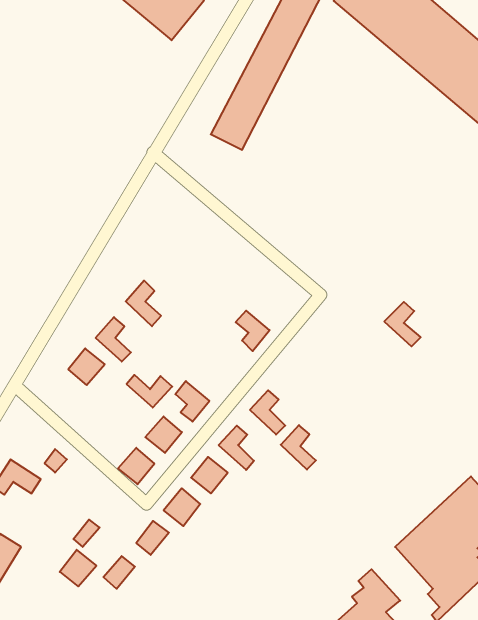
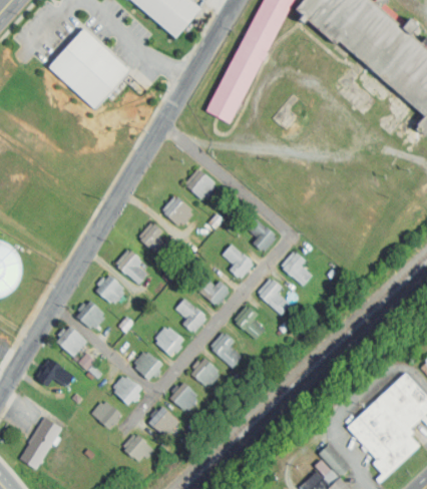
building: none -> [50,29,130,108]
building: none -> [186,169,215,198]
building: none -> [163,196,191,224]
building: none -> [248,218,274,250]
building: [384,302,421,346] -> [282,253,310,287]
building: [127,375,172,408] -> [193,279,229,304]
building: none -> [76,301,104,330]
building: none -> [56,327,84,355]
building: [281,425,316,470] -> [260,280,287,314]
building: [60,550,96,586] -> [113,376,141,404]

